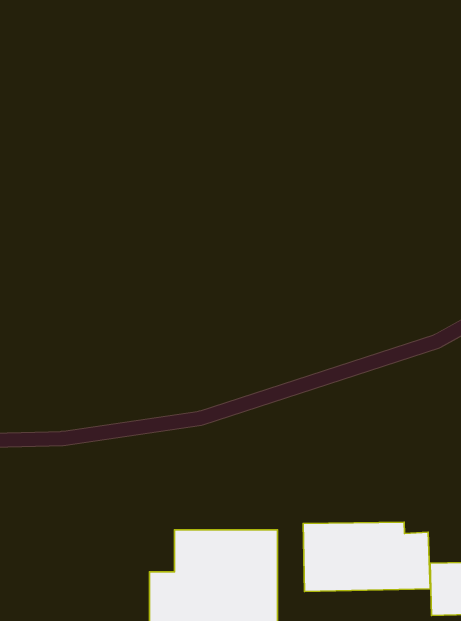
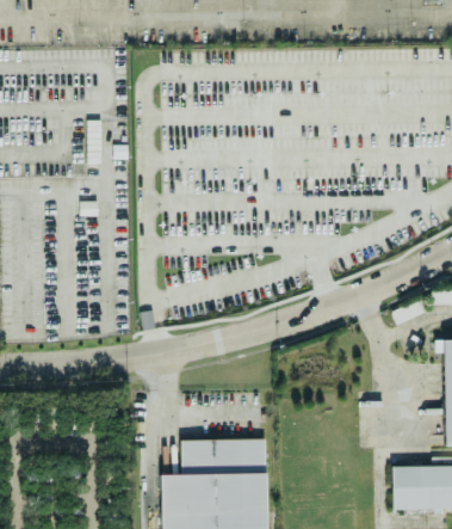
building: [303,522,430,591] -> none

